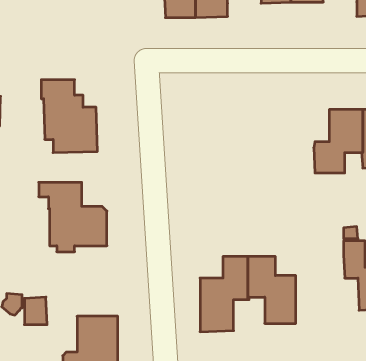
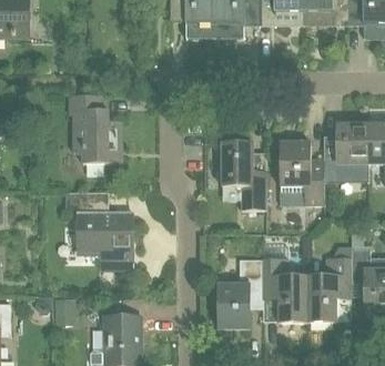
building: none -> [280,141,324,204]
building: none -> [221,142,266,210]
building: none -> [306,258,352,322]

